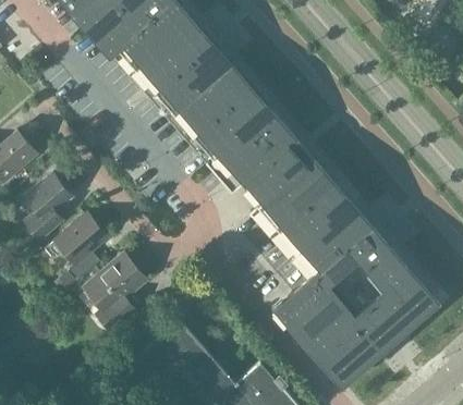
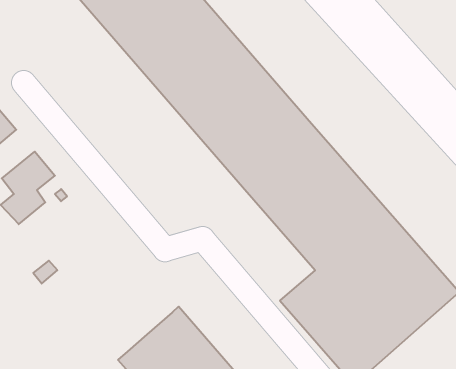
building: [56,211,110,279] -> none
building: [85,250,148,328] -> none

